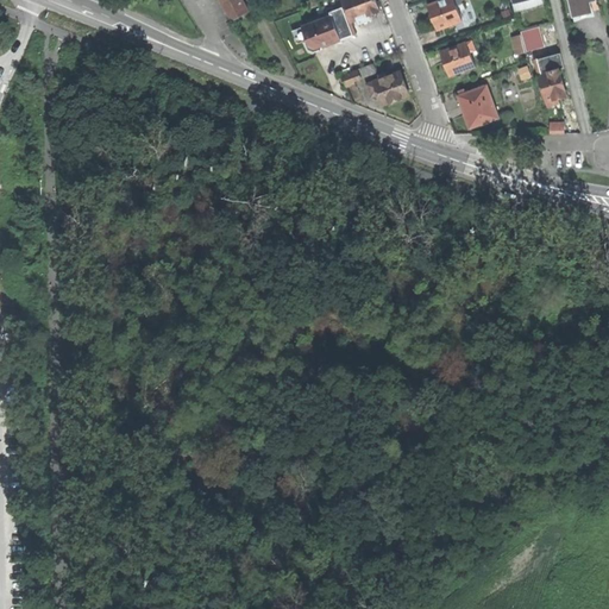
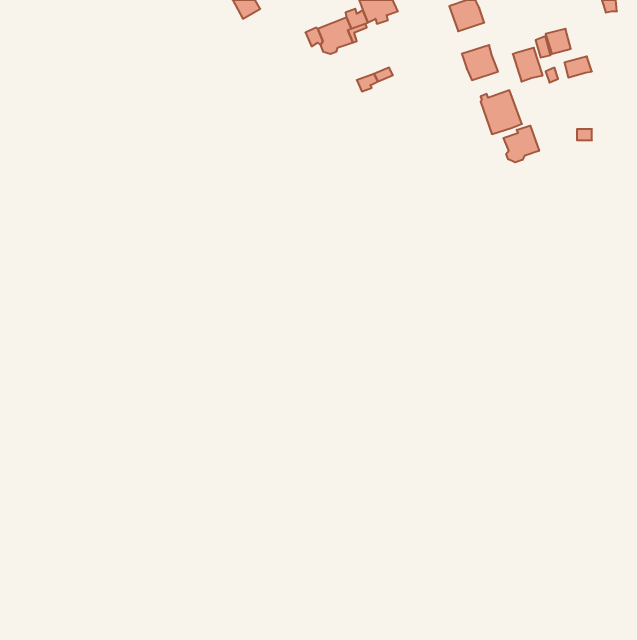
building: [536,69,565,101] -> [513,48,543,82]
building: [366,71,408,105] -> none
building: none -> [503,126,539,162]

